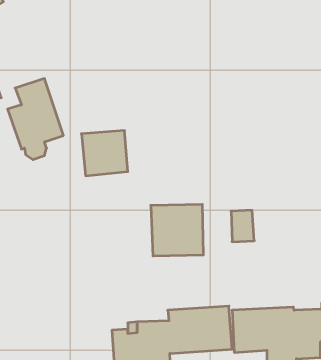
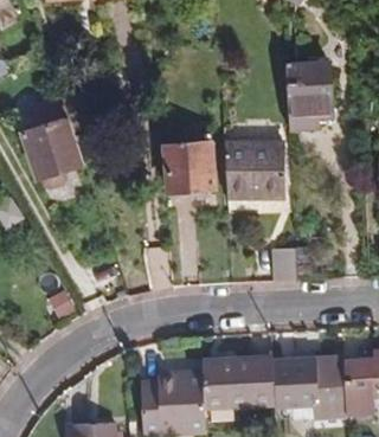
building: none -> [285,62,332,129]
building: [81,131,128,176] -> [163,142,216,193]
building: [151,204,203,256] -> [225,142,284,200]

